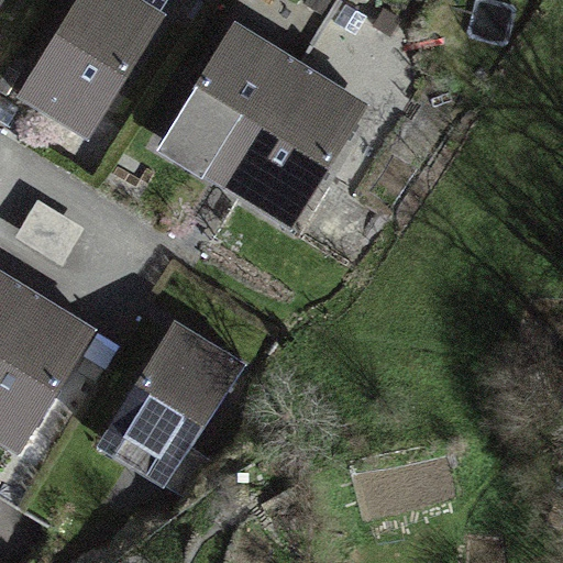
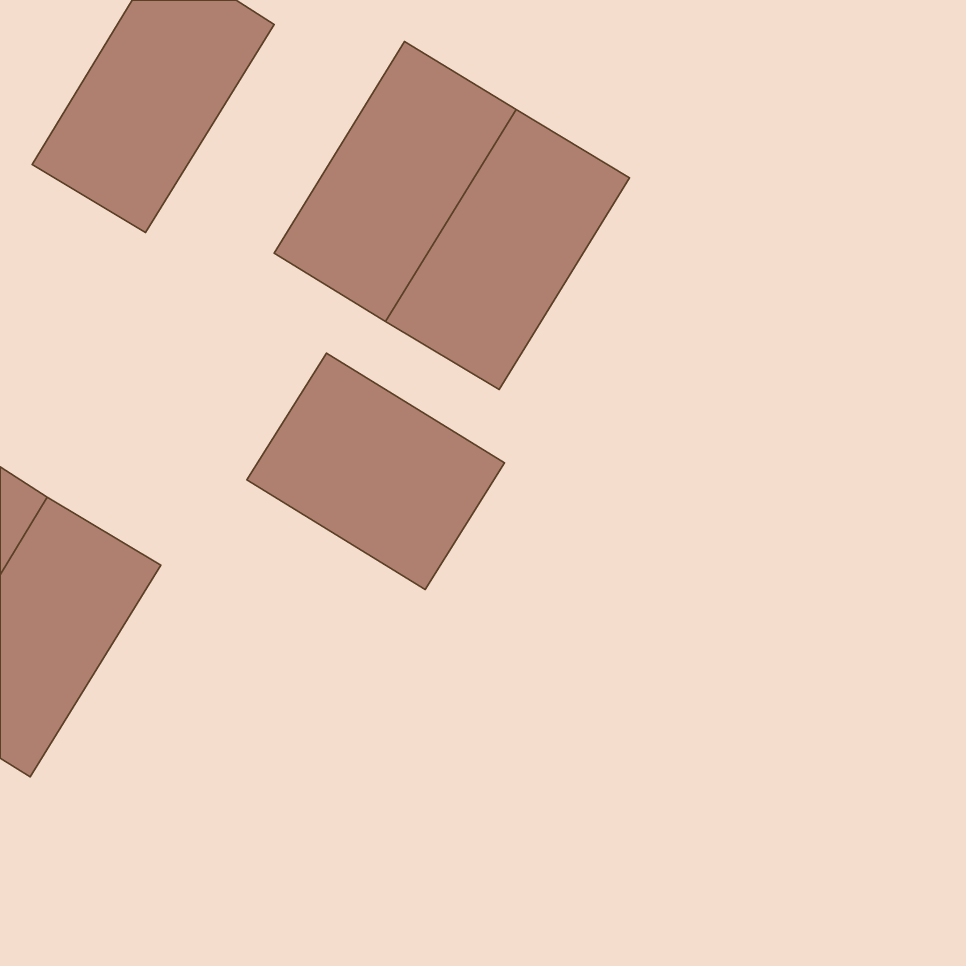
building: none -> [247,353,505,589]
building: [99,323,241,485] -> none

